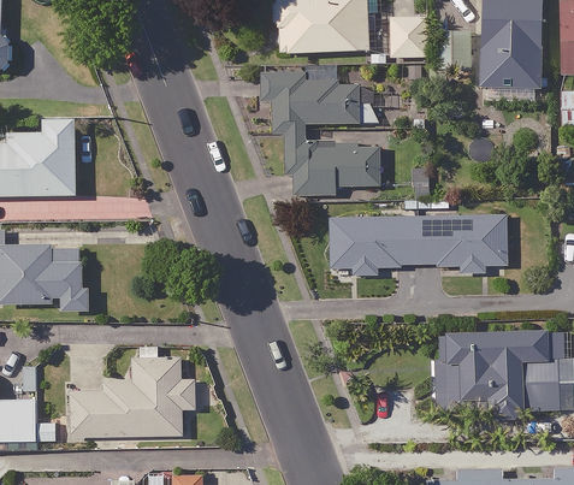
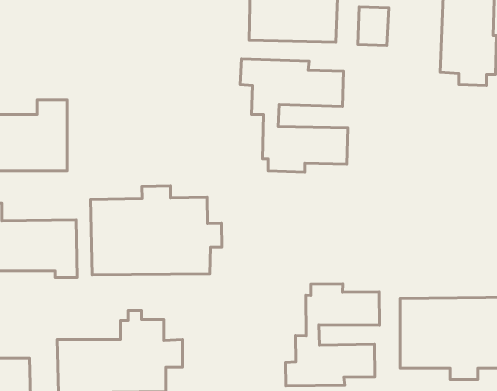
building: none -> [91,186,222,275]
building: [330,213,508,276] -> none
building: none -> [285,284,380,386]

